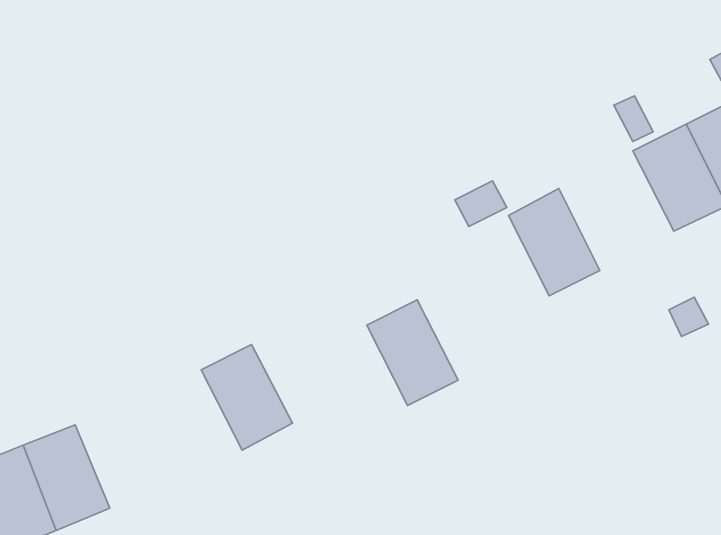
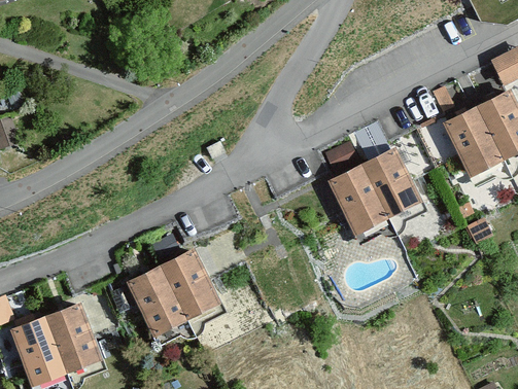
building: [367,300,458,405] -> [329,166,388,235]
building: none -> [127,267,187,337]

